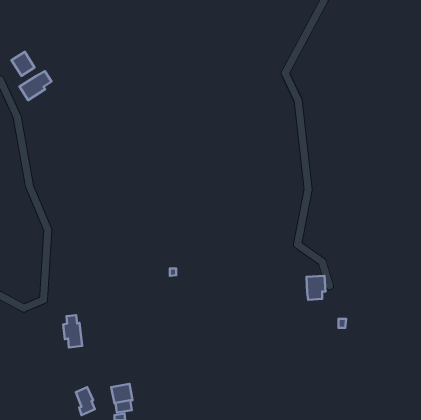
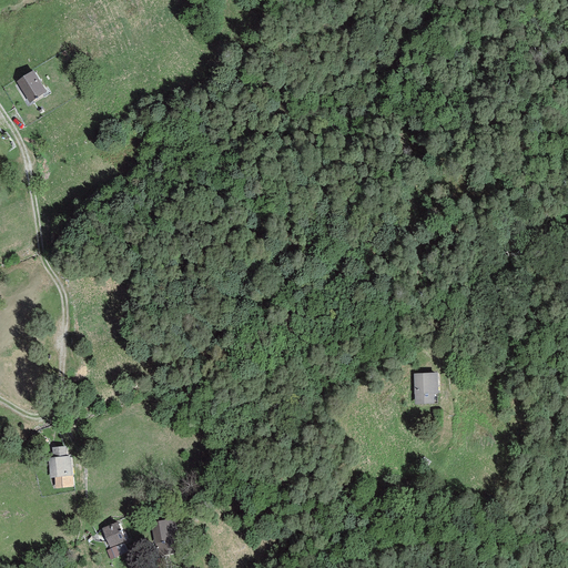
building: [20,71,51,100] -> none
building: [63,315,82,347] -> [48,445,73,488]

